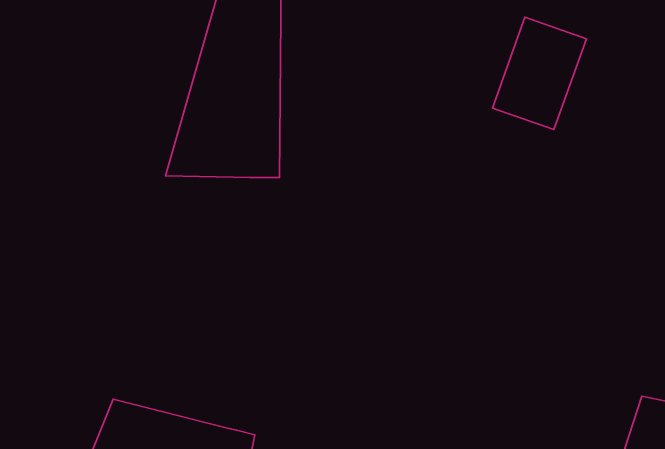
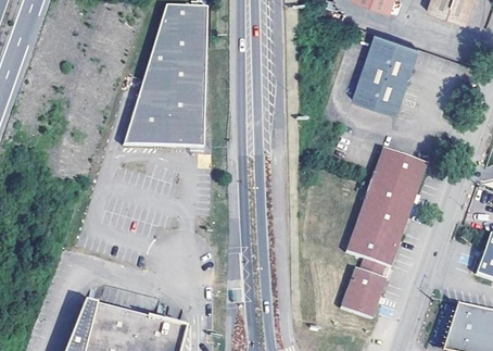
building: none -> [341,148,427,316]

